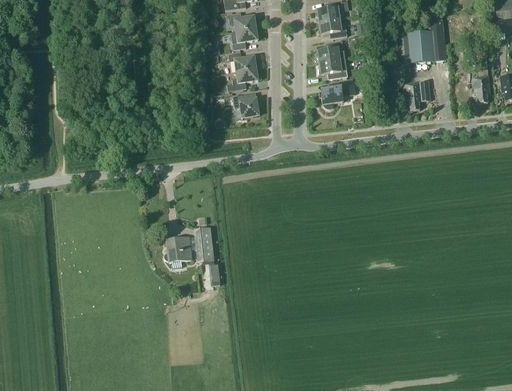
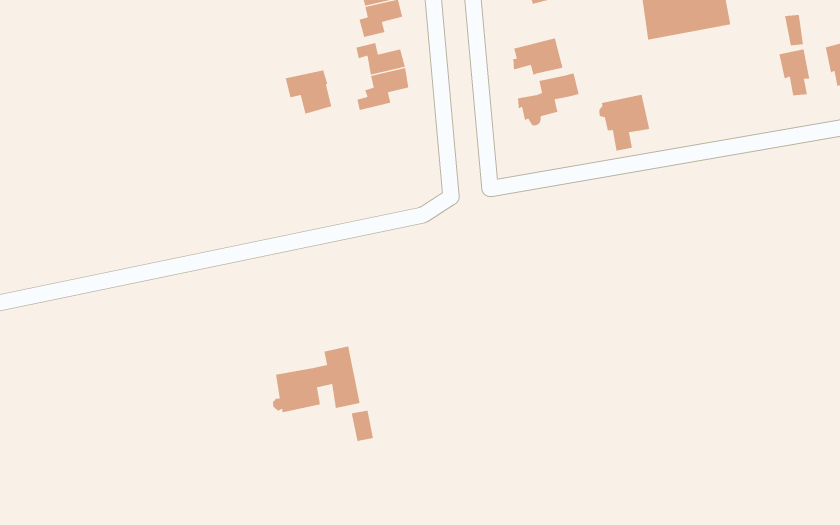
building: [317,40,345,62] -> none
building: [402,79,431,111] -> [598,94,650,151]
building: [233,93,259,119] -> [285,70,332,116]

